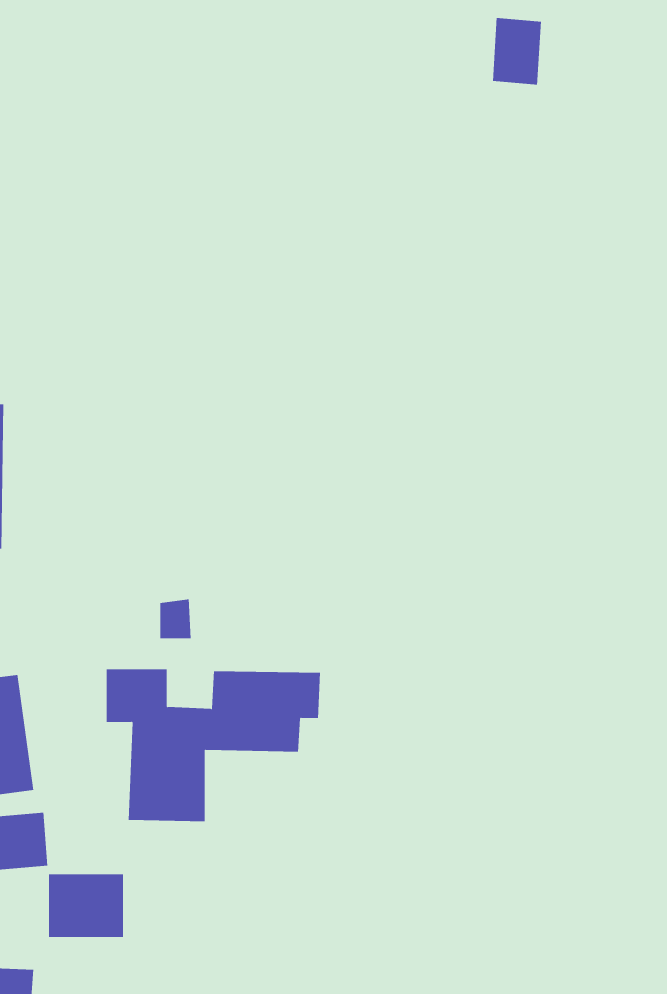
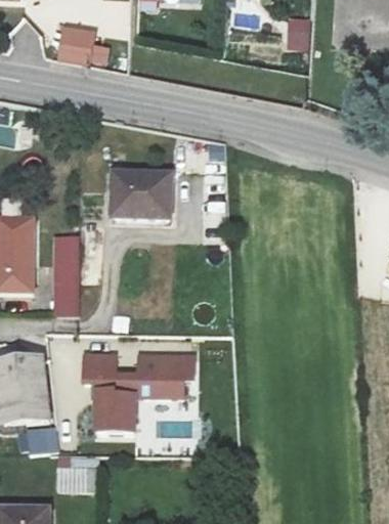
building: none -> [57,25,93,61]
building: none -> [113,177,173,223]
building: none -> [54,234,76,314]

